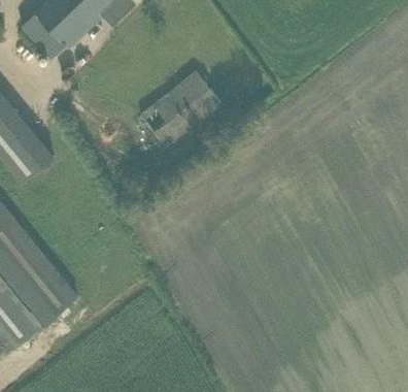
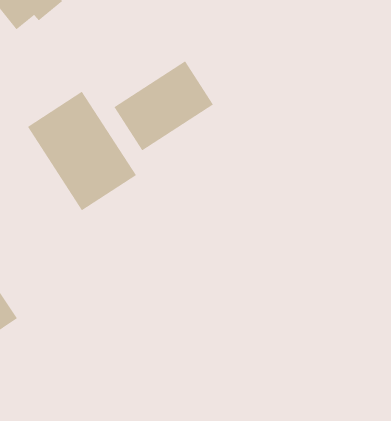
building: none -> [27,91,137,211]

